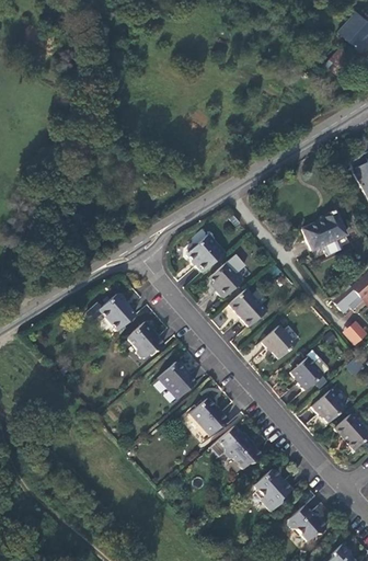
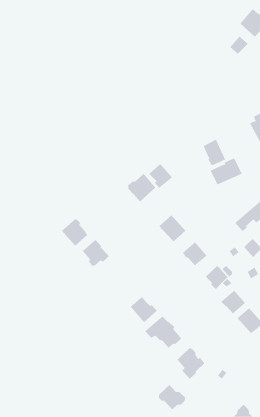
building: none -> [203,139,226,166]
building: [210,263,243,297] -> [148,163,173,189]
building: [159,360,195,397] -> none
building: [289,504,326,539] -> [158,384,186,410]

